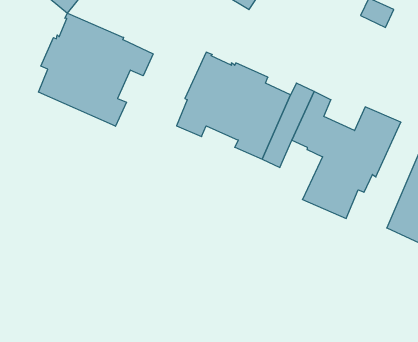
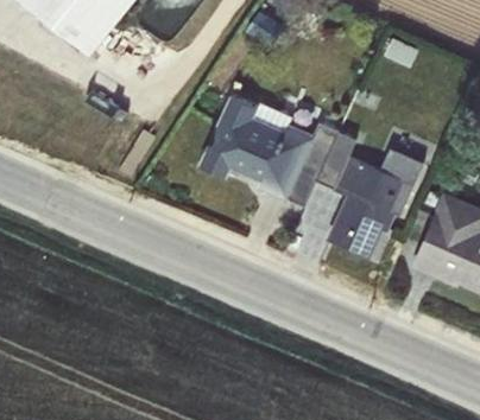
building: [39,13,153,126] -> none

